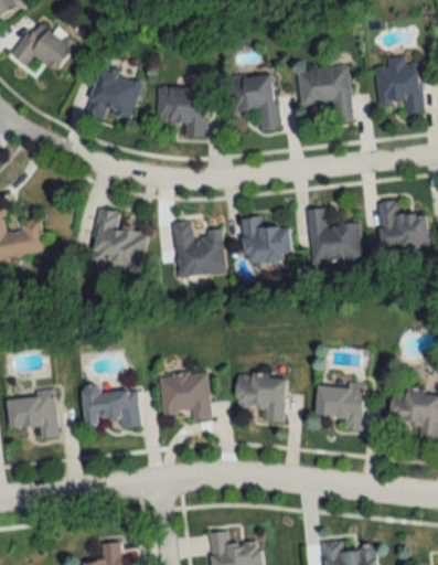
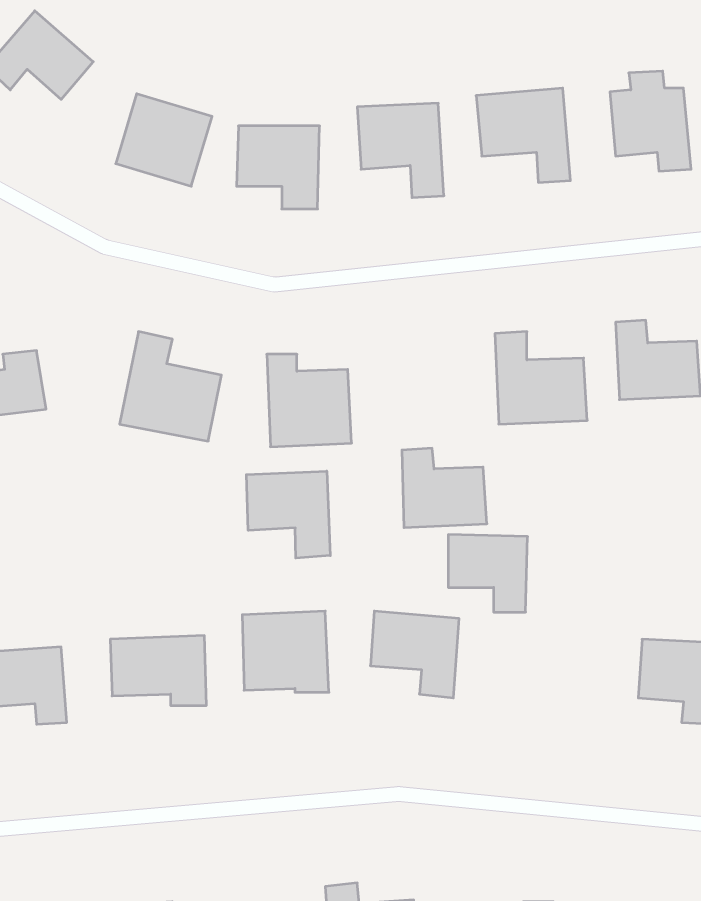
building: [242,216,291,263] -> [402,448,487,528]
building: none -> [246,471,330,558]
building: [317,384,363,429] -> [448,535,528,612]

